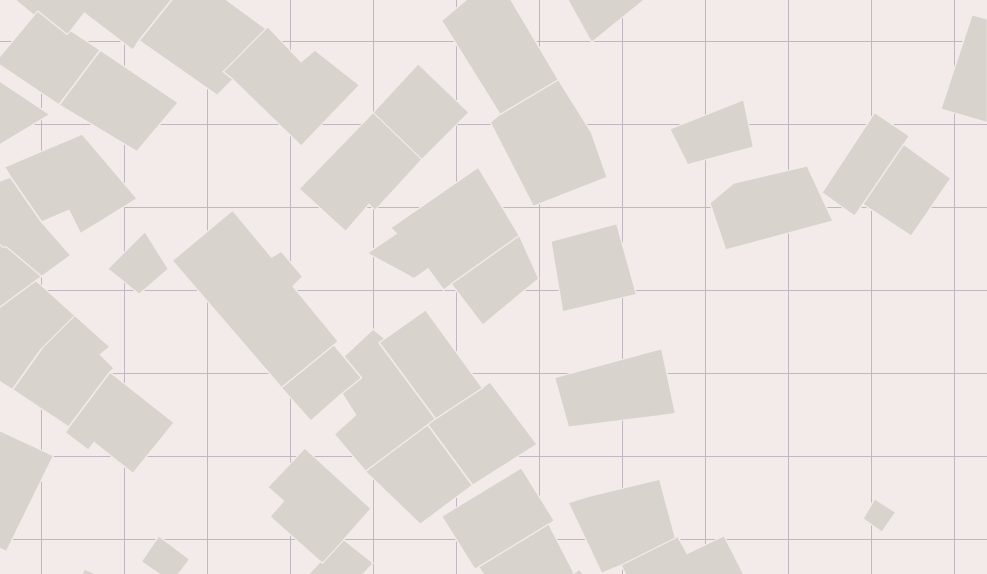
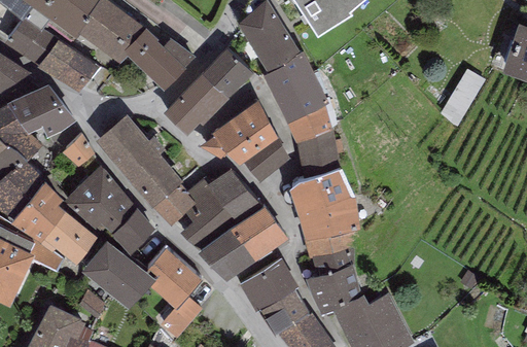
building: [670,100,754,164] -> [286,104,330,138]
building: [863,144,951,236] -> none
building: [710,166,833,250] -> [289,166,354,210]
building: none -> [64,164,153,250]
building: none -> [304,230,355,273]
building: none -> [80,236,154,304]

